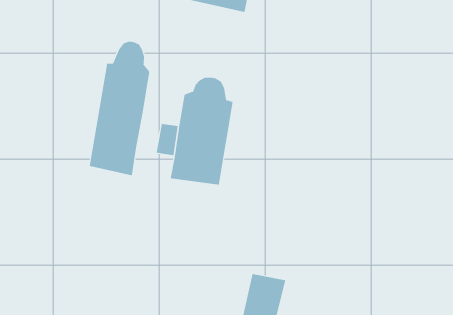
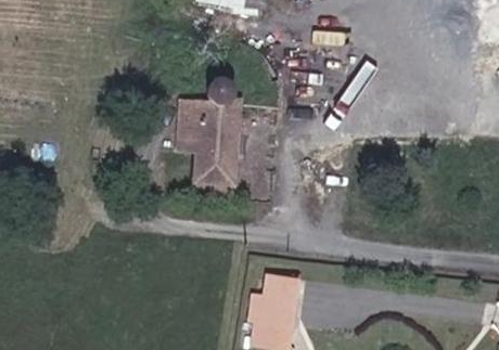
building: [89,41,150,176] -> none

